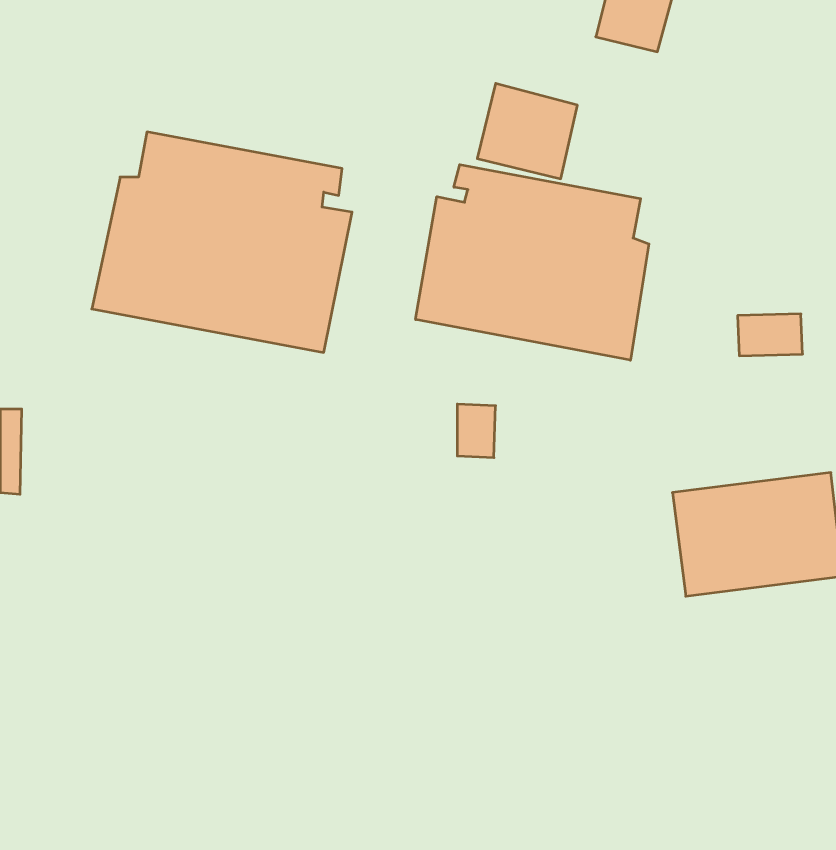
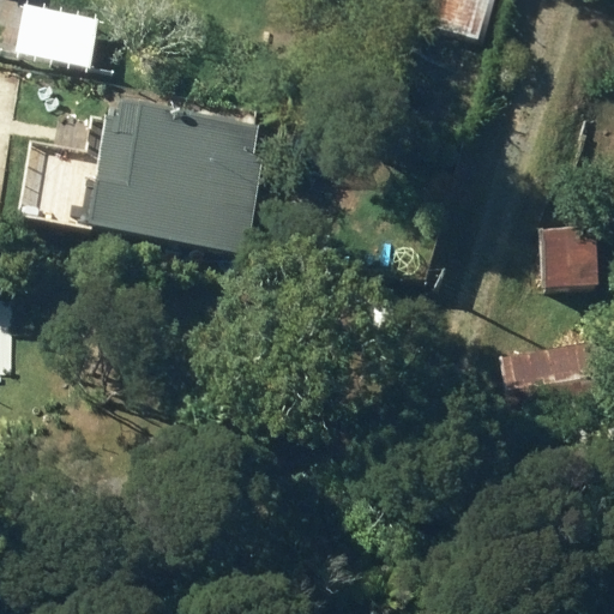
building: [416,165,649,360] -> none

